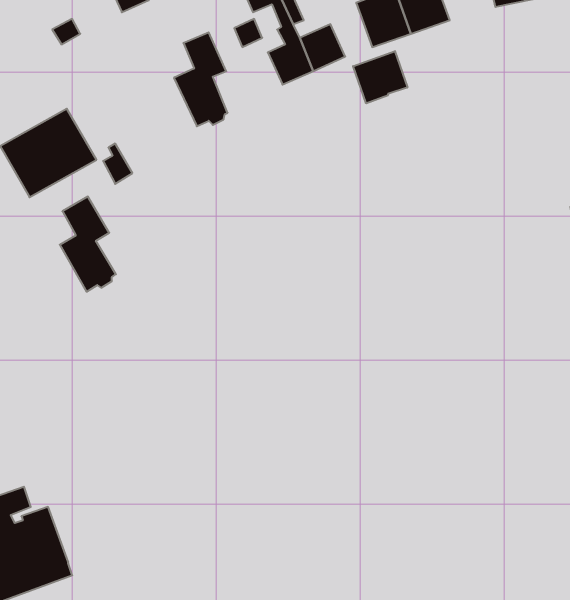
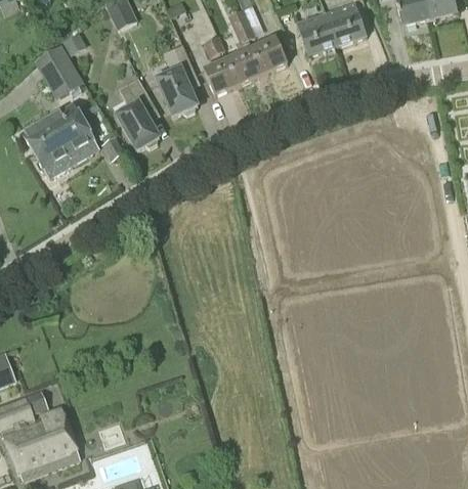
building: none -> [34,45,84,99]
building: [353,51,407,103] -> none
building: none -> [205,60,240,95]
building: [60,197,116,292] -> [118,79,161,151]

